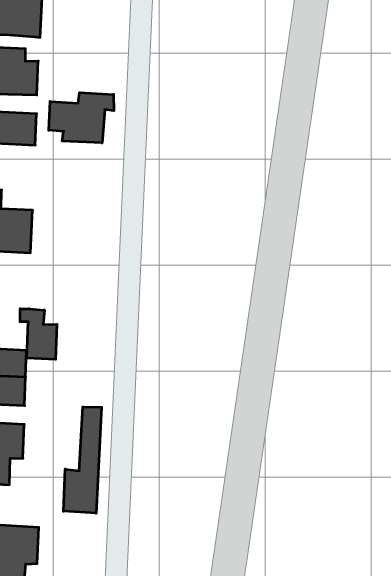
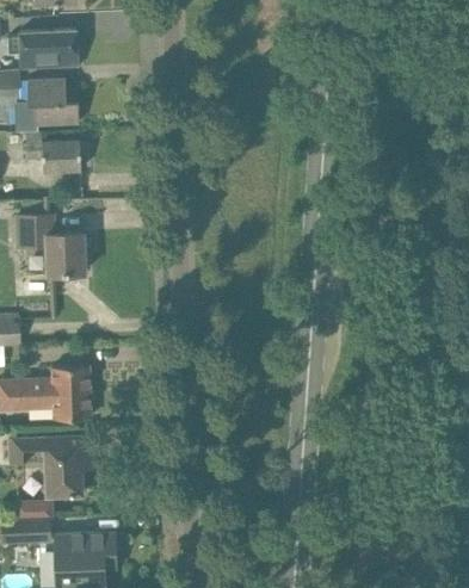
building: [49,93,114,143] -> none
building: [20,309,57,359] -> none
building: [63,407,102,513] -> none

